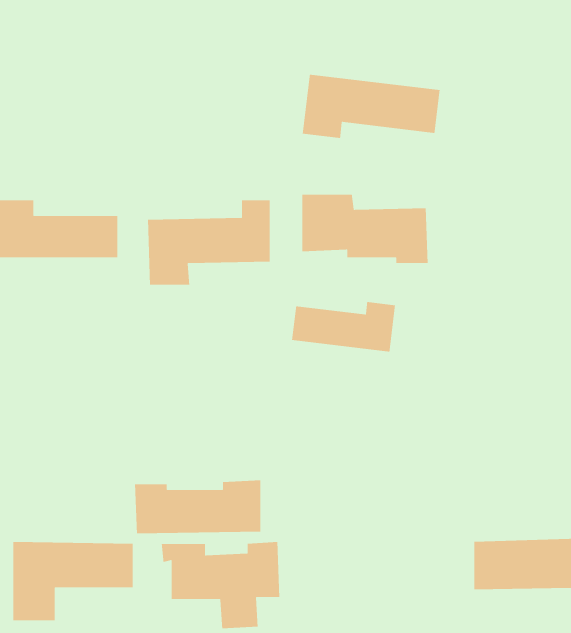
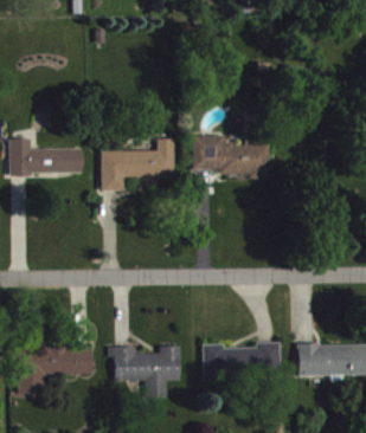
building: [302,74,441,139] -> none
building: [291,301,396,352] -> none
building: [134,479,261,534] -> [204,342,281,375]

